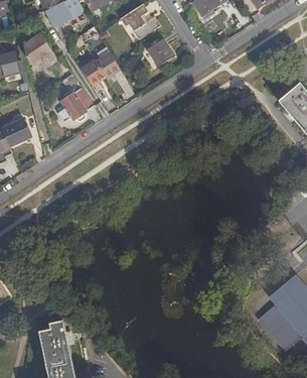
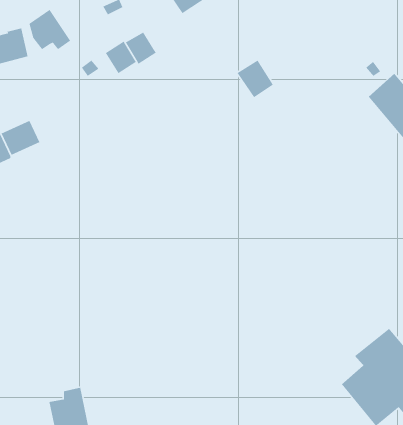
building: [146,35,174,65] -> [236,59,274,98]
building: [56,87,94,121] -> none

